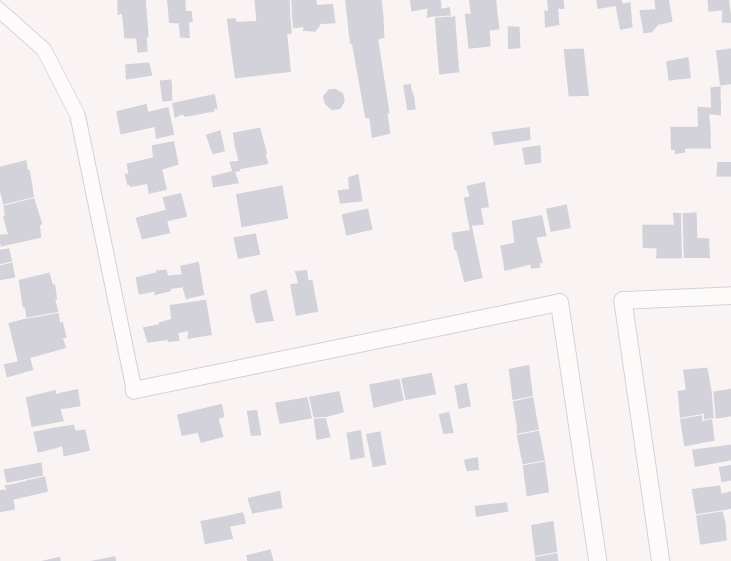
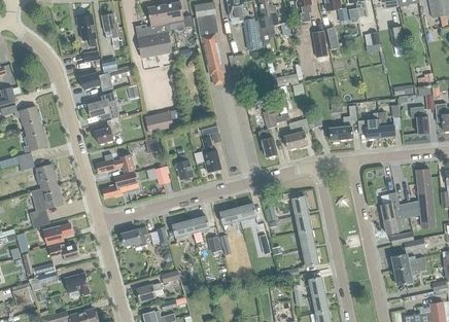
building: [670,86,722,154] -> [329,105,355,142]
building: [211,127,269,188] -> none
building: none -> [201,136,220,172]
building: none -> [63,273,89,297]

